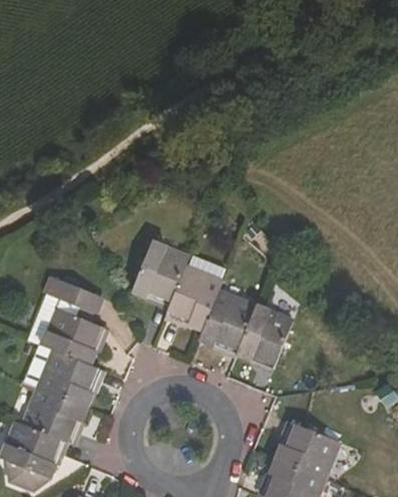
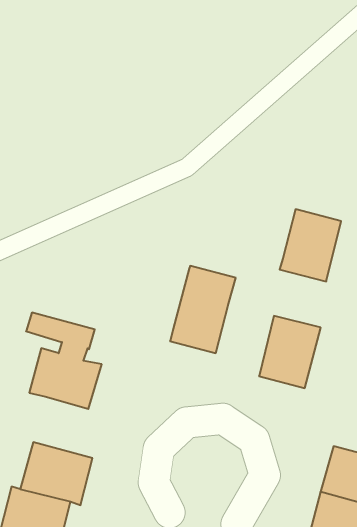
building: [131,239,188,305] -> none
building: [197,290,255,354] -> [280,209,341,281]
building: [38,348,101,405] -> none

